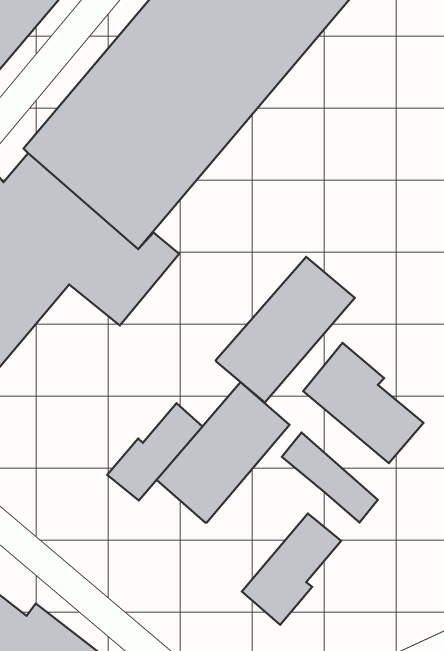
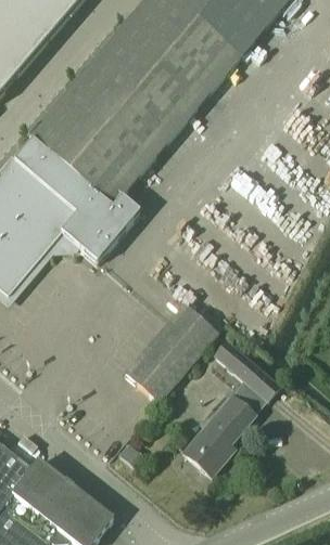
building: [216,257,355,403] -> none
building: [303,343,423,463] -> none
building: [107,403,202,501] -> none

